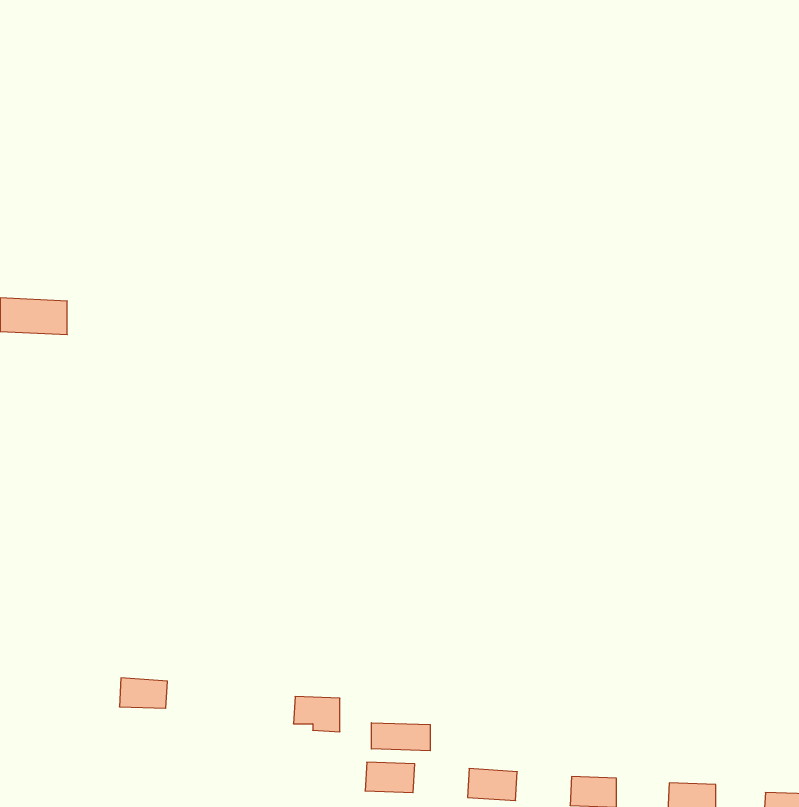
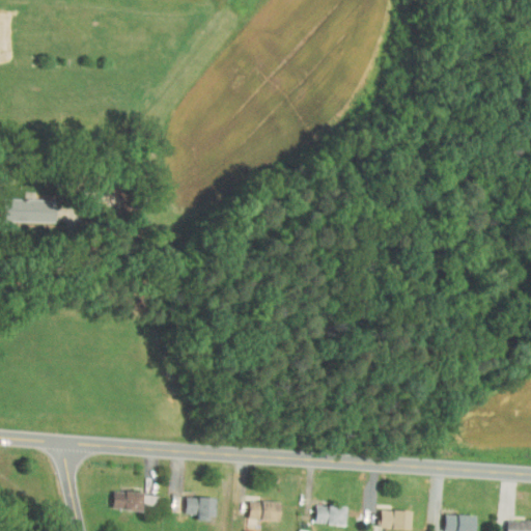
building: [119,678,167,708] -> [113,491,144,510]
building: [293,697,340,732] -> [186,497,216,520]
building: [371,723,430,751] -> none

